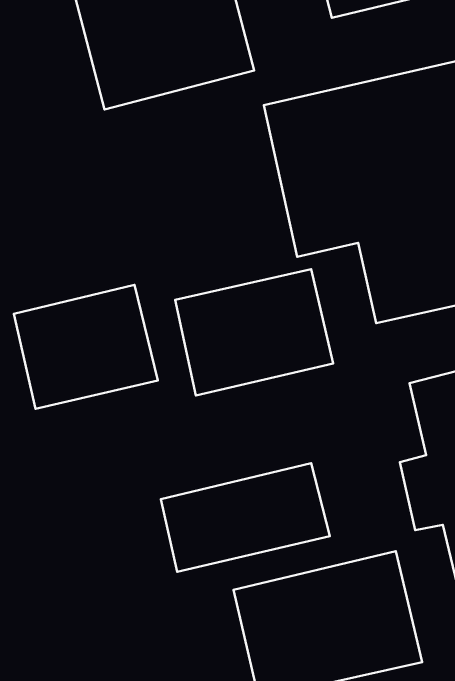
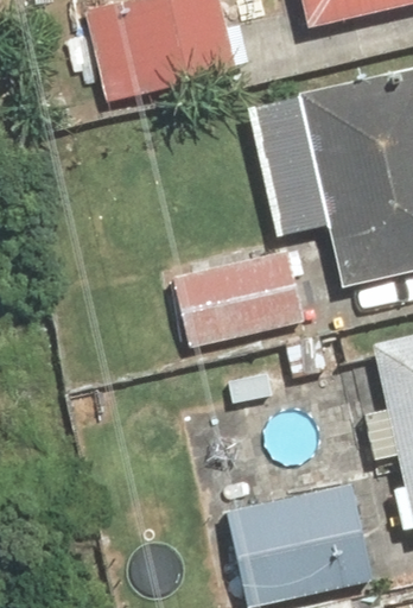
building: [14,285,158,409] -> none
building: [161,463,330,572] -> none

